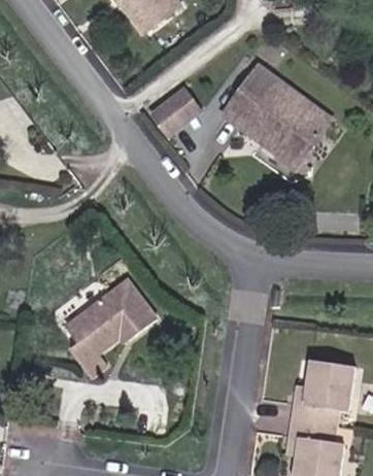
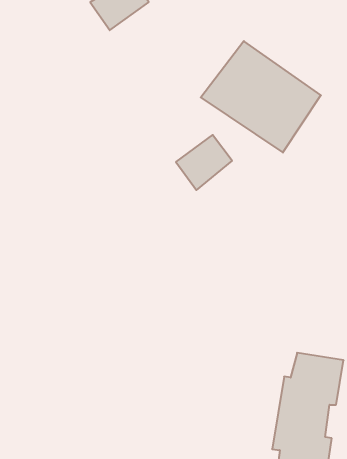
building: [150,86,204,138] -> [176,135,232,190]
building: [65,276,157,376] -> none

